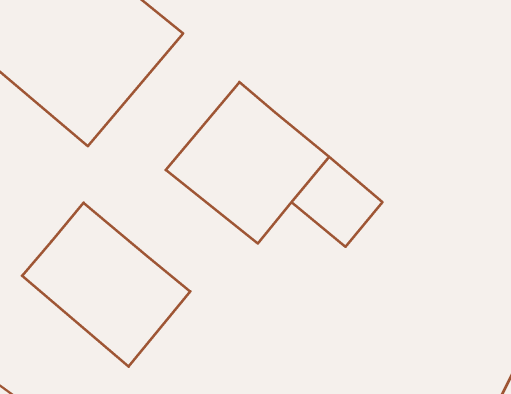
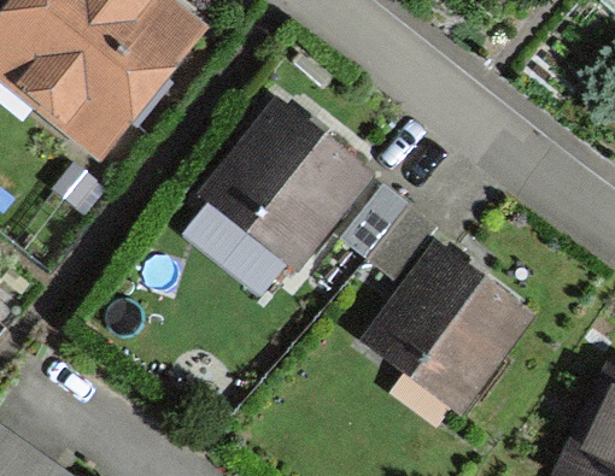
building: [22,203,190,367] -> none
building: none -> [359,246,529,412]

